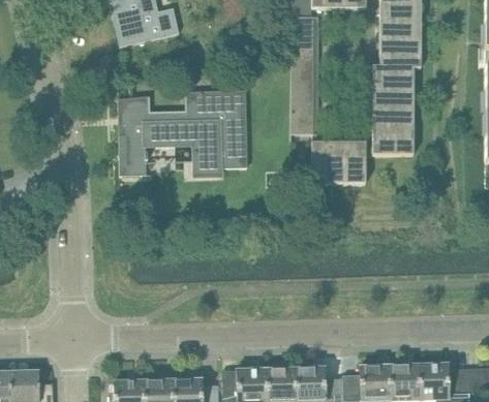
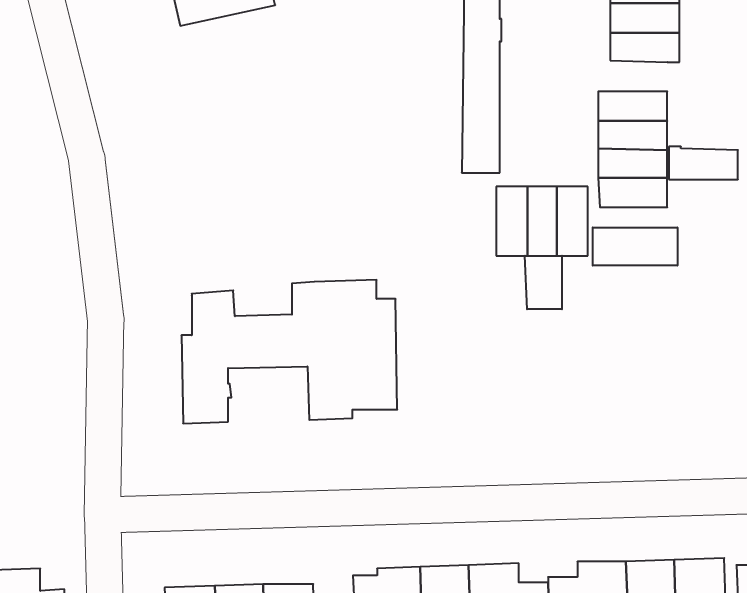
building: [372,65,414,85] -> [669,147,738,179]
building: [118,90,247,176] -> [181,280,397,423]
building: none -> [593,227,677,266]
building: none -> [525,256,562,309]

